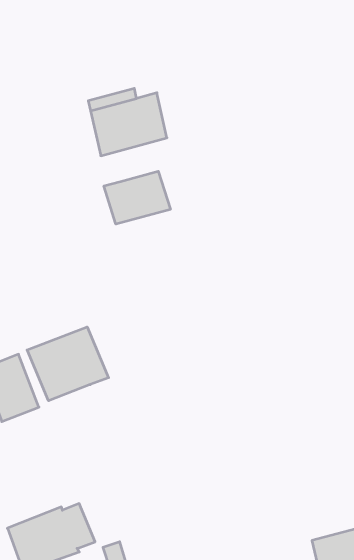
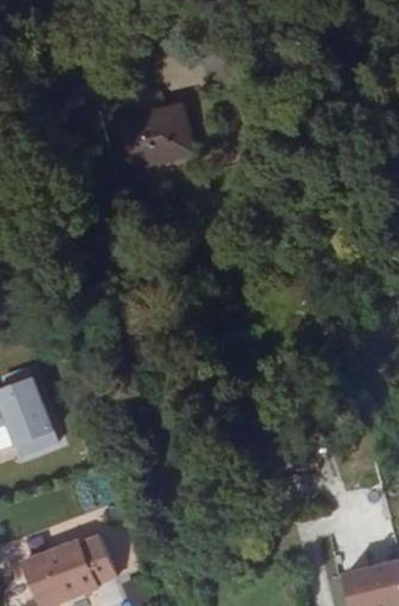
building: [104,171,170,224] -> none
building: [27,327,109,401] -> none

